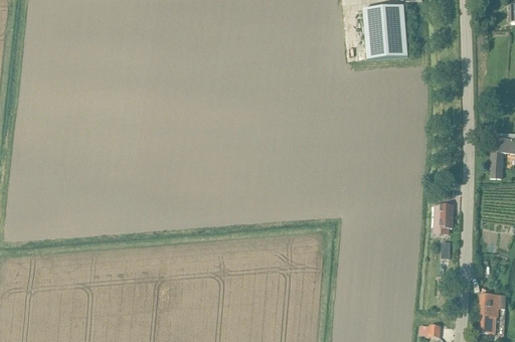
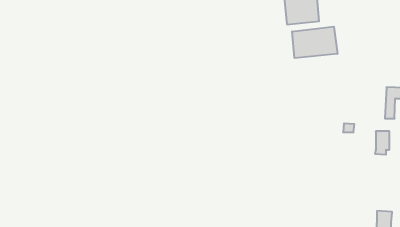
building: none -> [292,27,337,58]
building: [434,203,452,232] -> [375,131,389,155]

